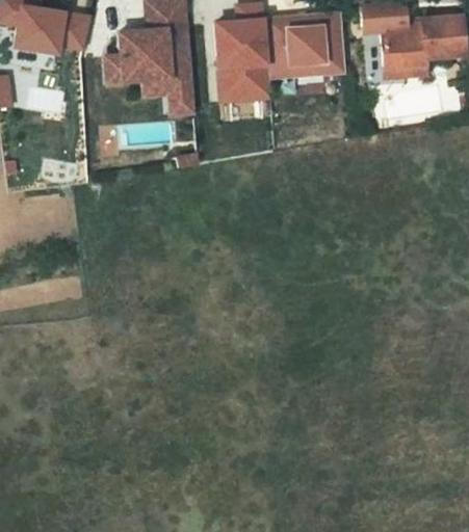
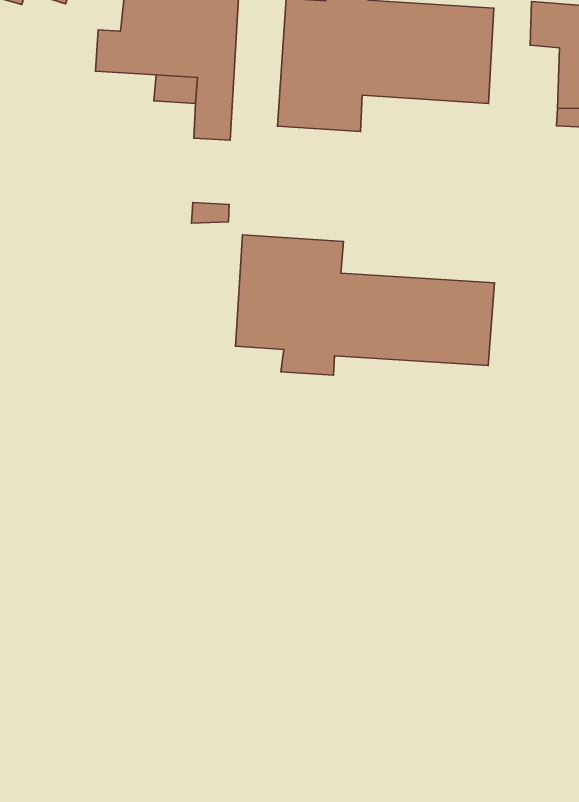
building: none -> [236,235,494,375]

